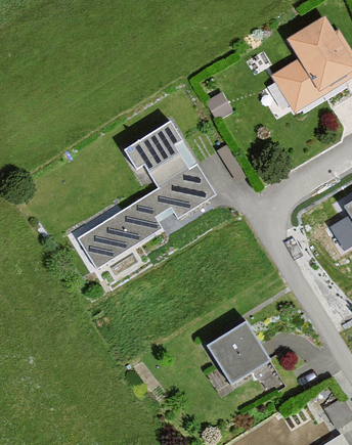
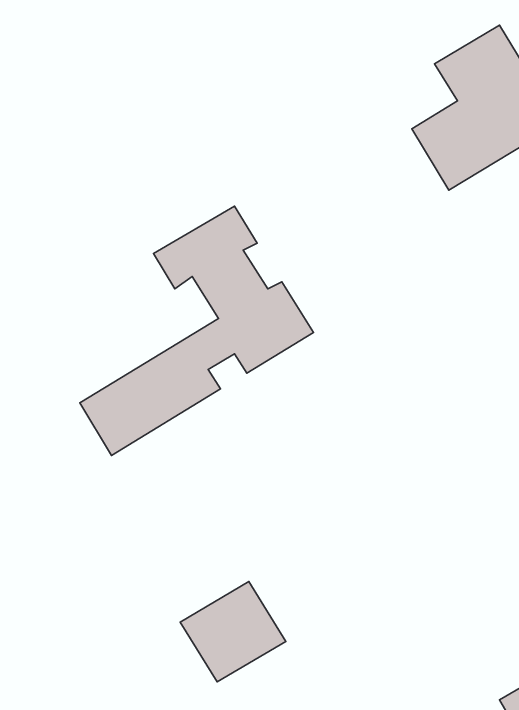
building: [206,321,267,380] -> [180,582,286,682]

